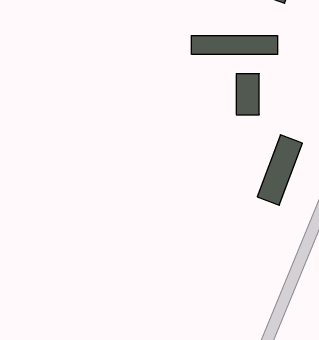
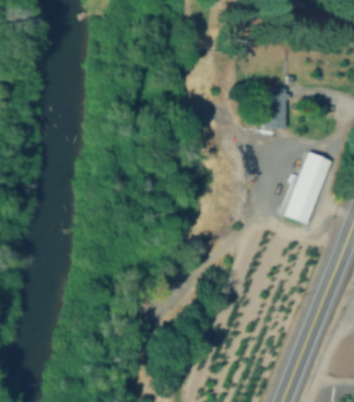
building: [191,36,278,54] -> none

